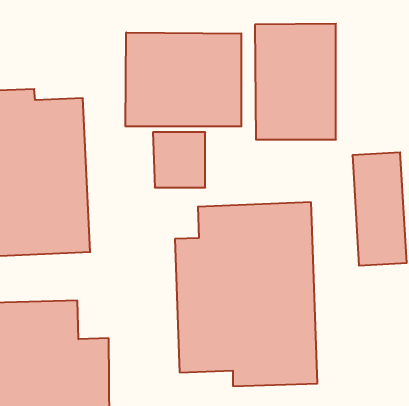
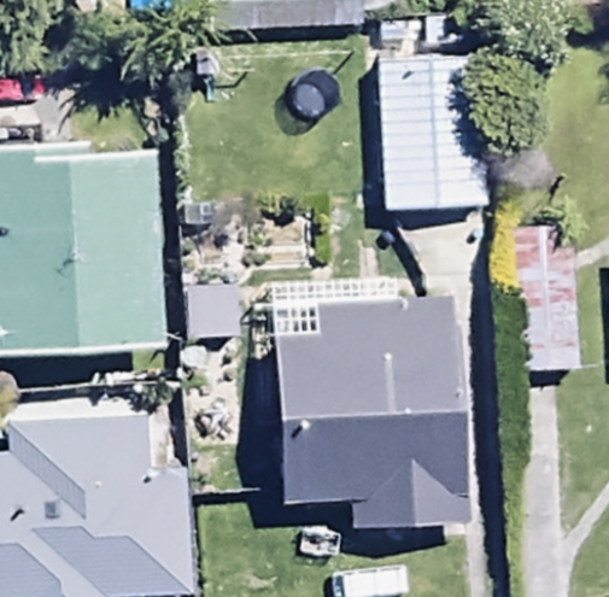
building: [125,32,241,126] -> none

